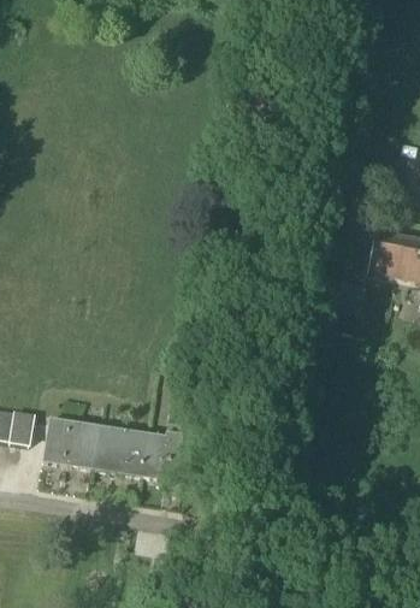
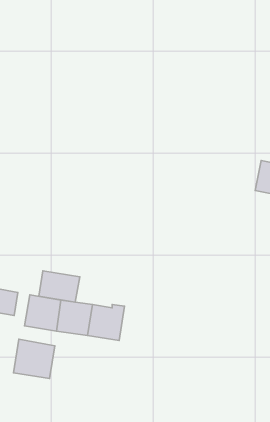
building: none -> [39,271,80,302]
building: none -> [13,339,55,379]

